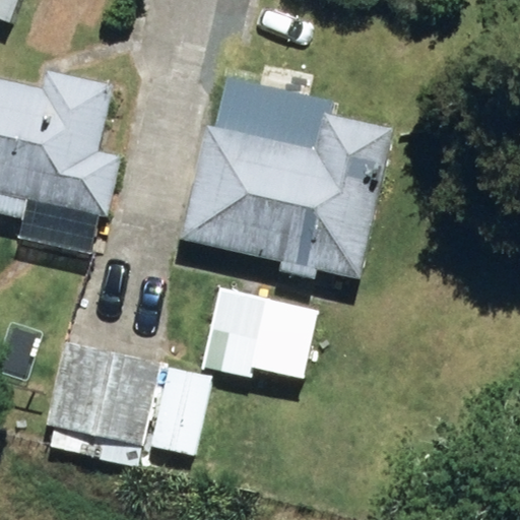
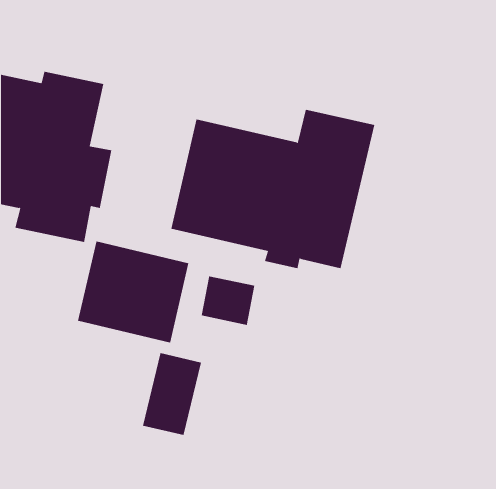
building: [46,339,162,446] -> [77,241,189,343]

